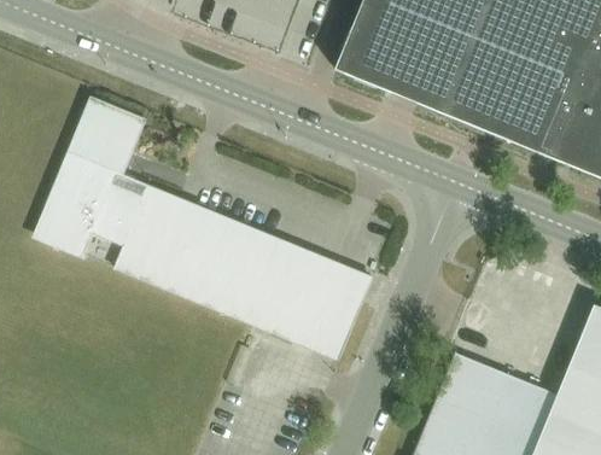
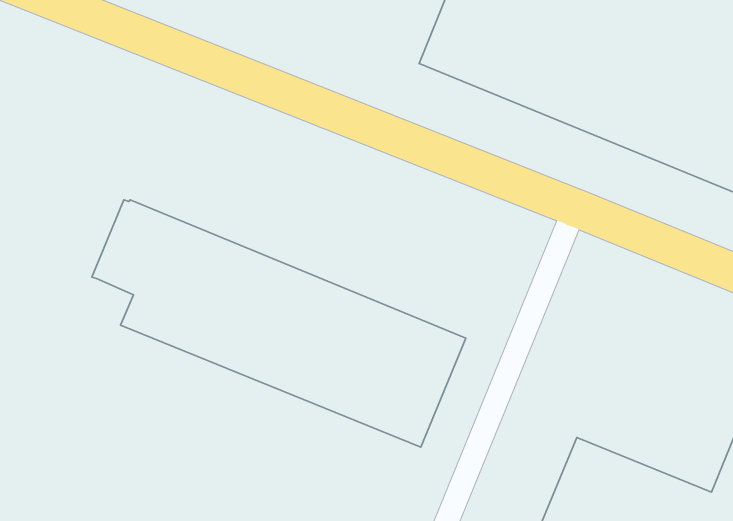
building: [37,100,142,255] -> none

